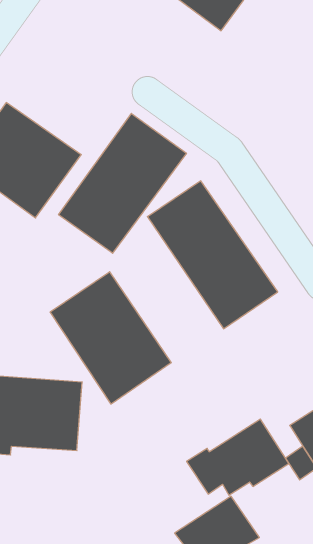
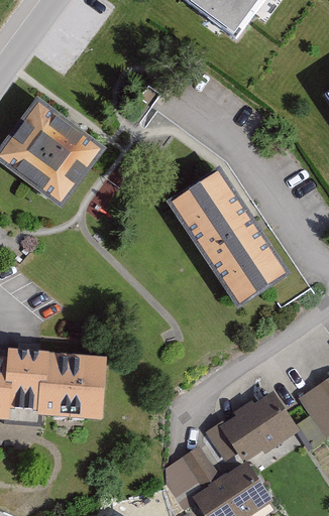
building: [59,113,186,253] -> none
building: [50,272,171,404] -> none
building: none -> [166,446,213,495]

